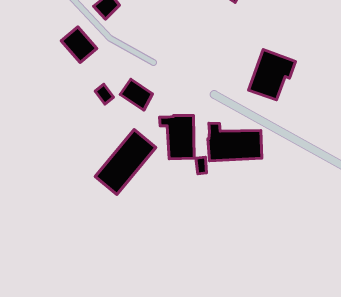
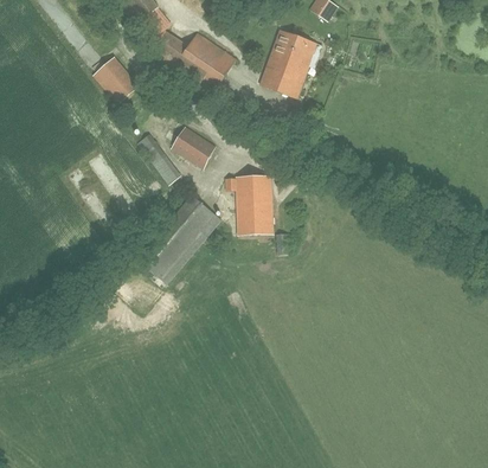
building: none -> [152,32,237,86]
building: [249,49,295,100] -> [259,28,323,97]
building: [208,123,262,161] -> none

